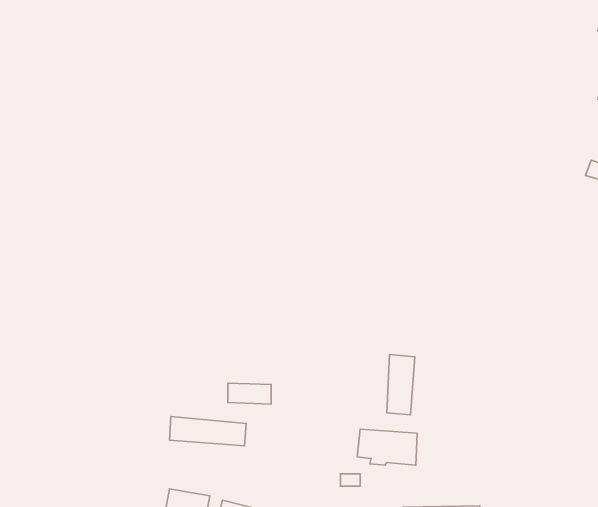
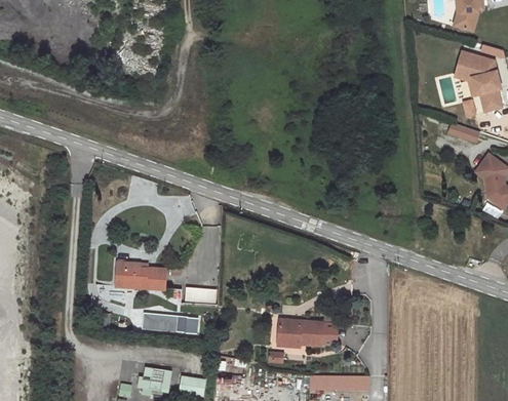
building: none -> [124,263,166,289]
building: [387,355,415,415] -> none

